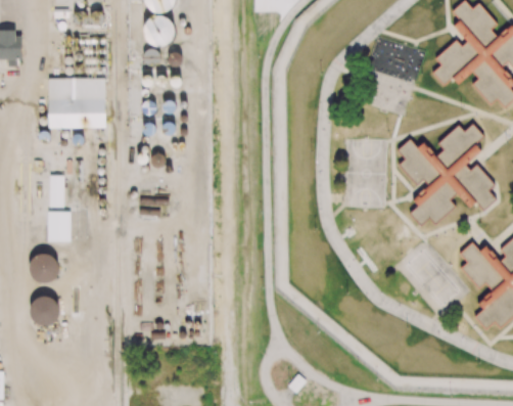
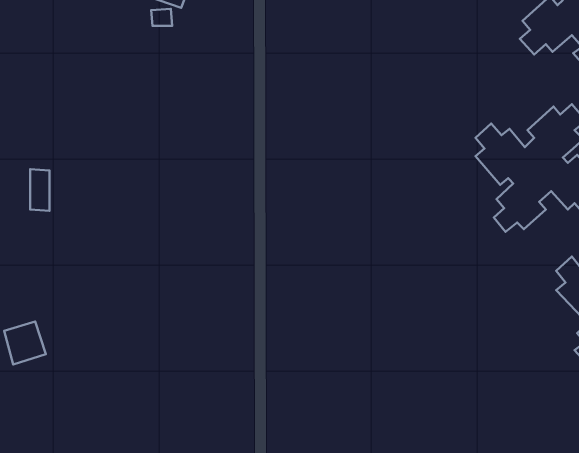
building: [47,77,105,128] -> none
building: [47,211,69,240] -> none
building: [30,254,56,282] -> none

